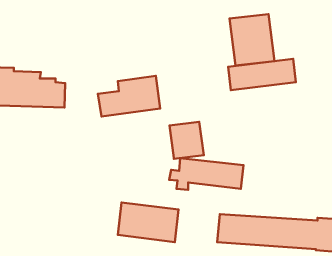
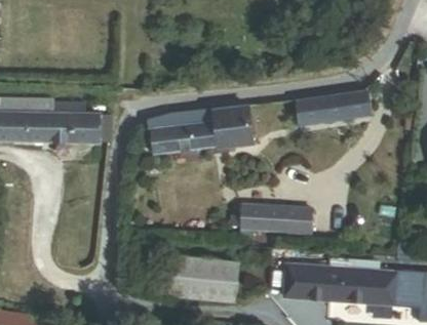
building: [230,14,274,65] -> none
building: [169,122,204,159] -> [215,105,254,147]

